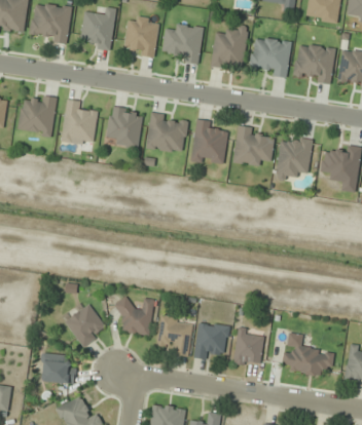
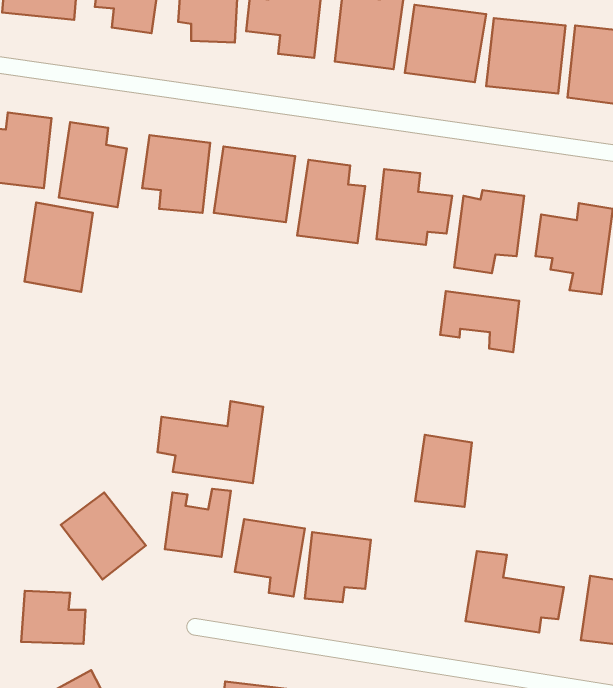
building: none -> [24,202,93,292]
building: none -> [440,291,519,352]
building: none -> [157,401,263,483]
building: [232,329,263,368] -> [415,435,472,507]

